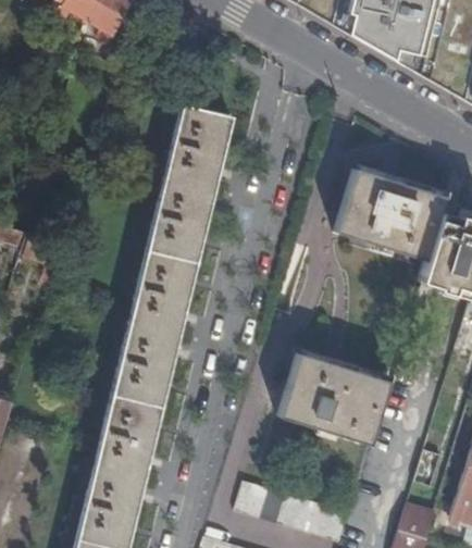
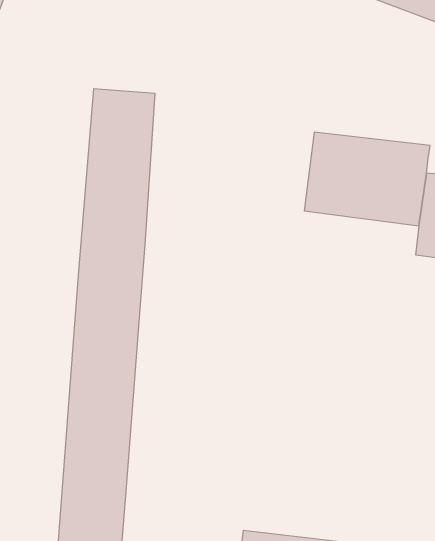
building: [280,351,389,441] -> none

